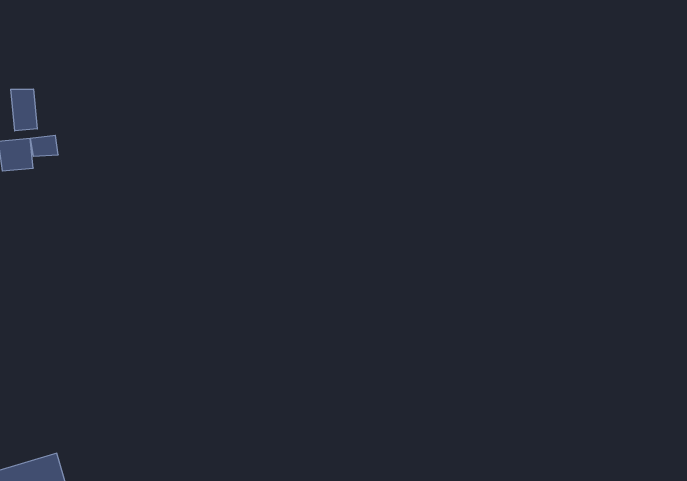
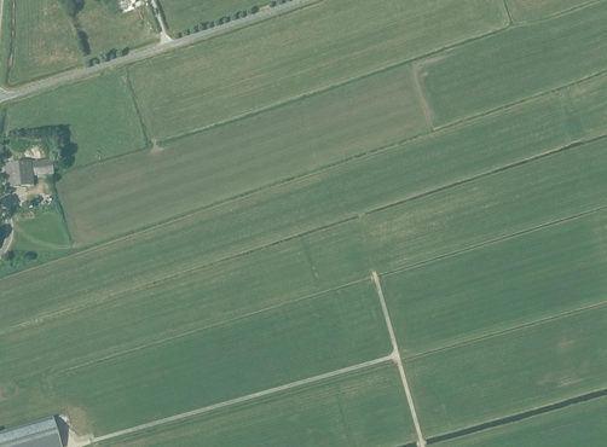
building: [11,89,37,131] -> none

